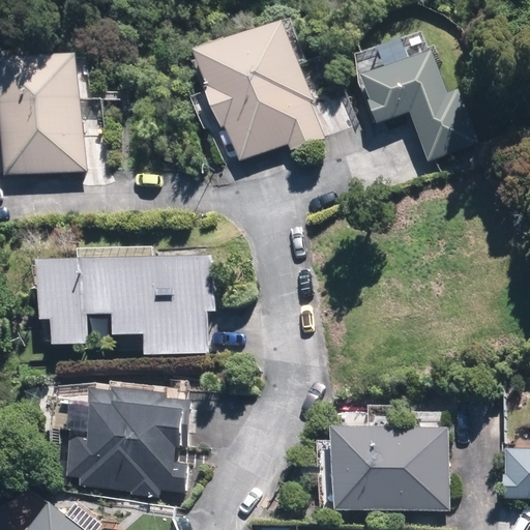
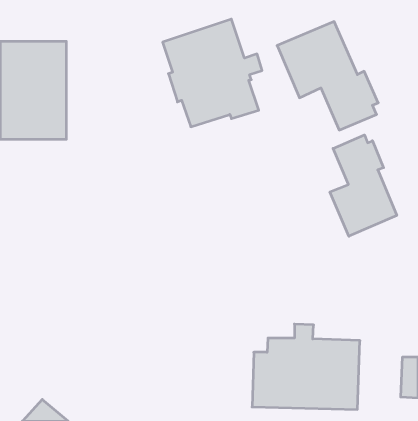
building: none -> [330,135,397,236]
building: [40,246,214,355] -> none
building: [64,381,187,497] -> none

